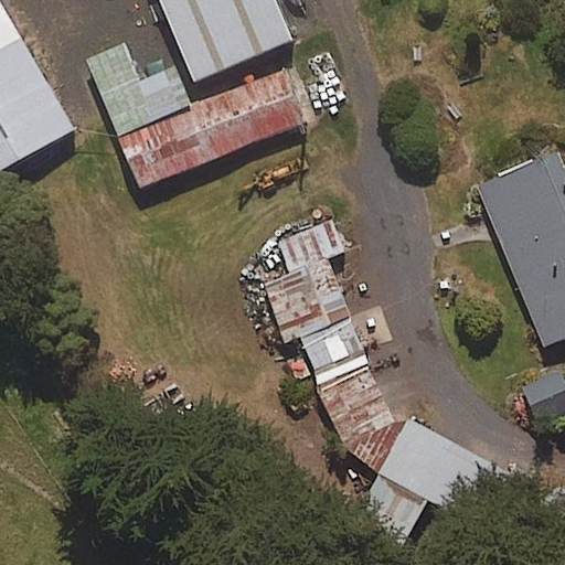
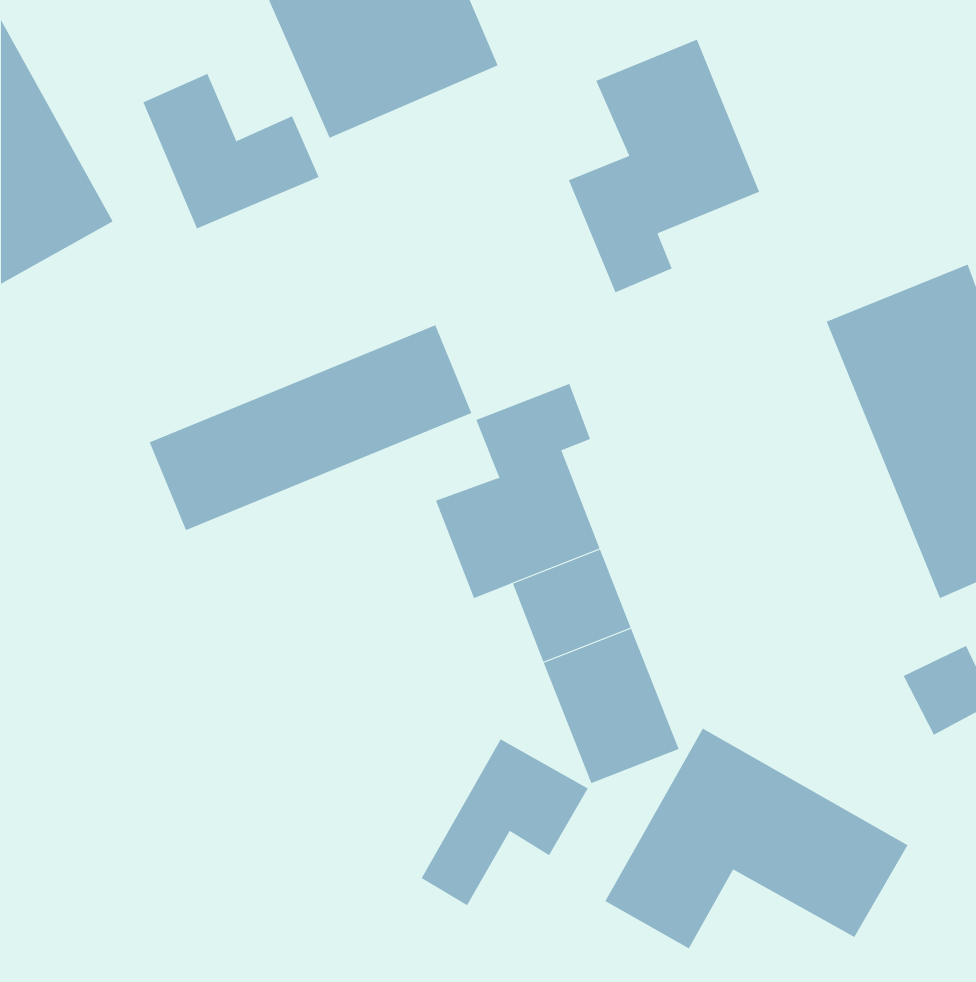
building: none -> [568,39,760,293]
building: [118,70,303,188] -> [149,325,472,531]
building: none -> [421,738,589,906]

